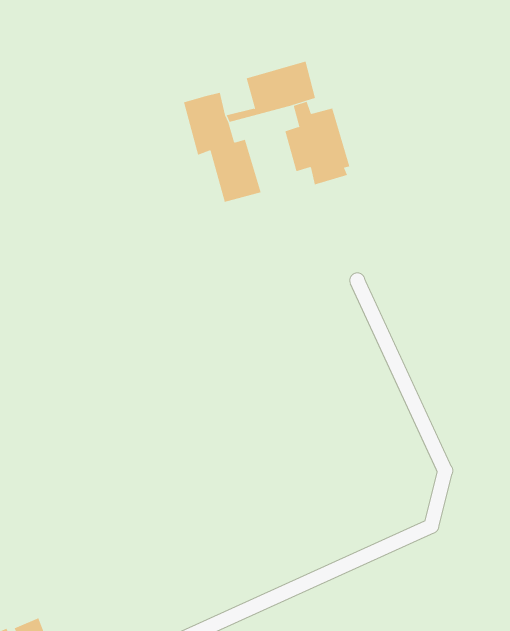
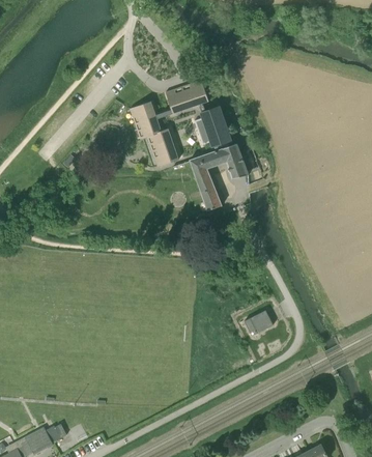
building: none -> [190,144,248,211]
building: none -> [244,310,274,337]

